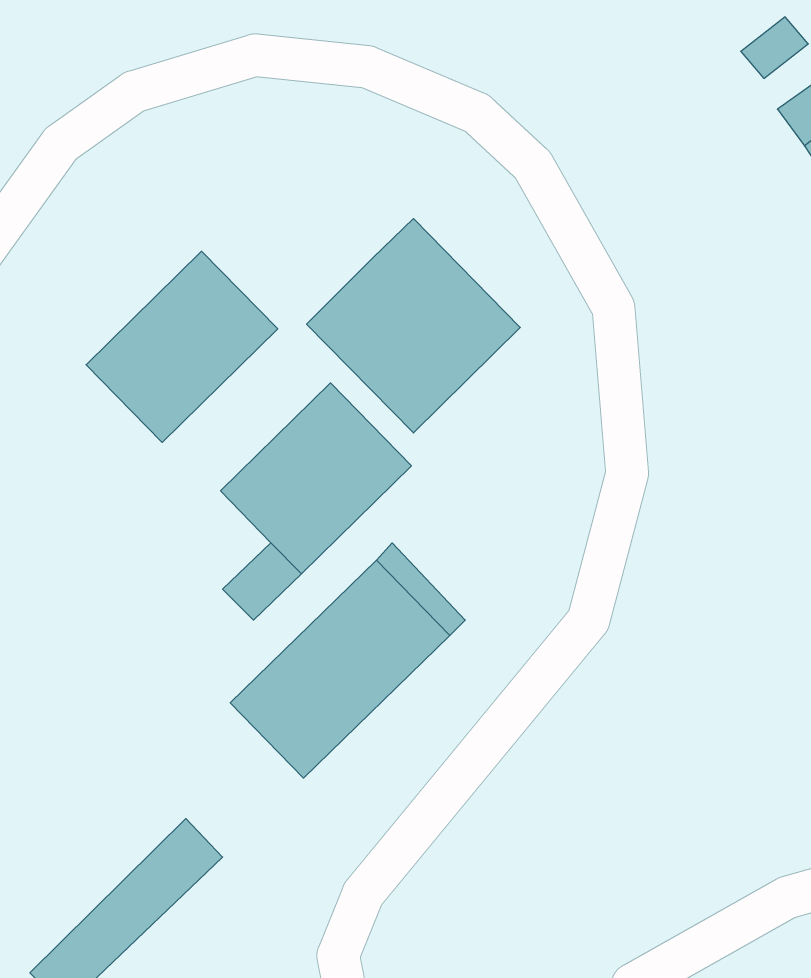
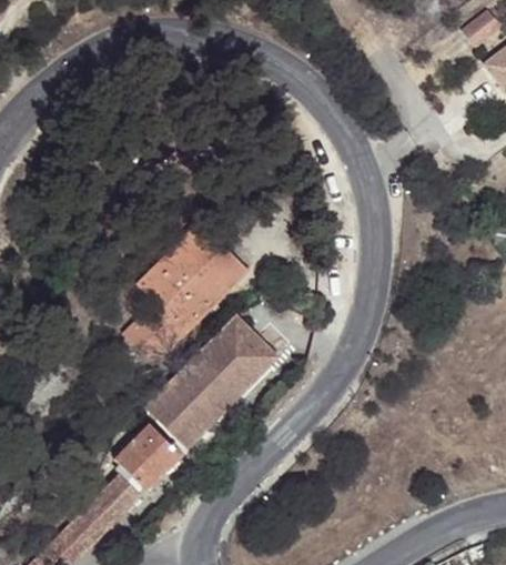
building: [307,219,520,433] -> none
building: [86,251,278,442] -> none
building: none -> [110,424,183,491]

